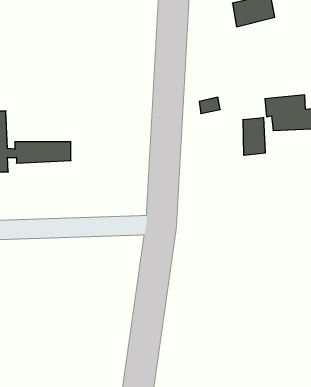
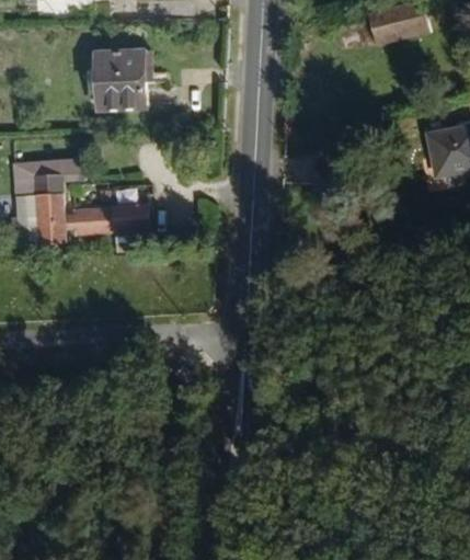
building: none -> [94,39,144,93]
building: [243,117,265,155] -> none

